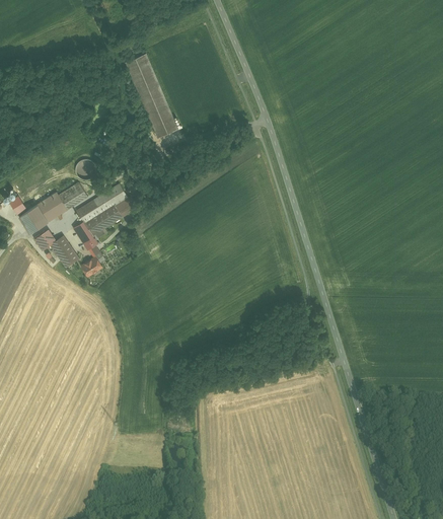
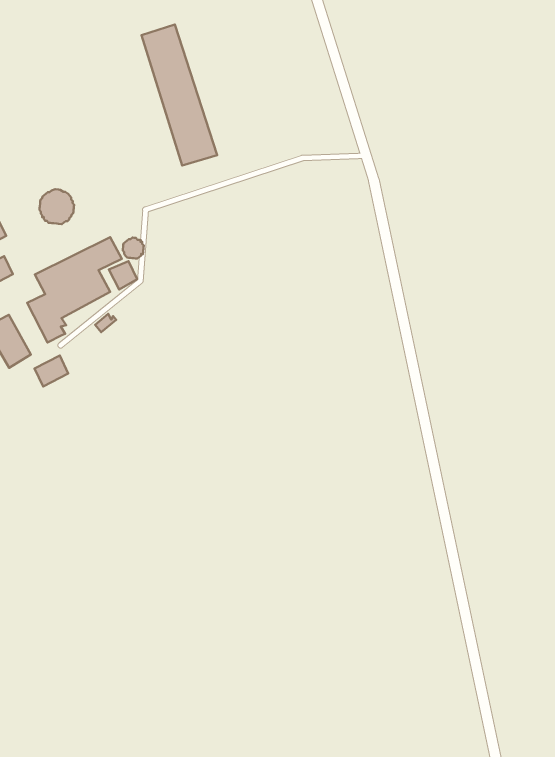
building: [58,184,87,210] -> none

